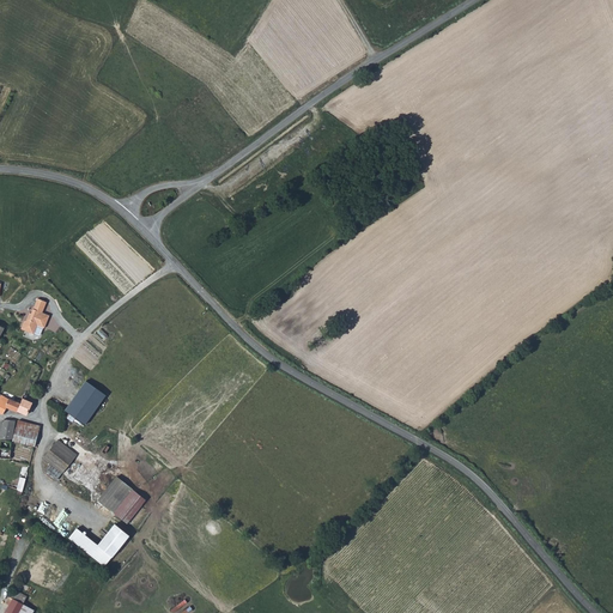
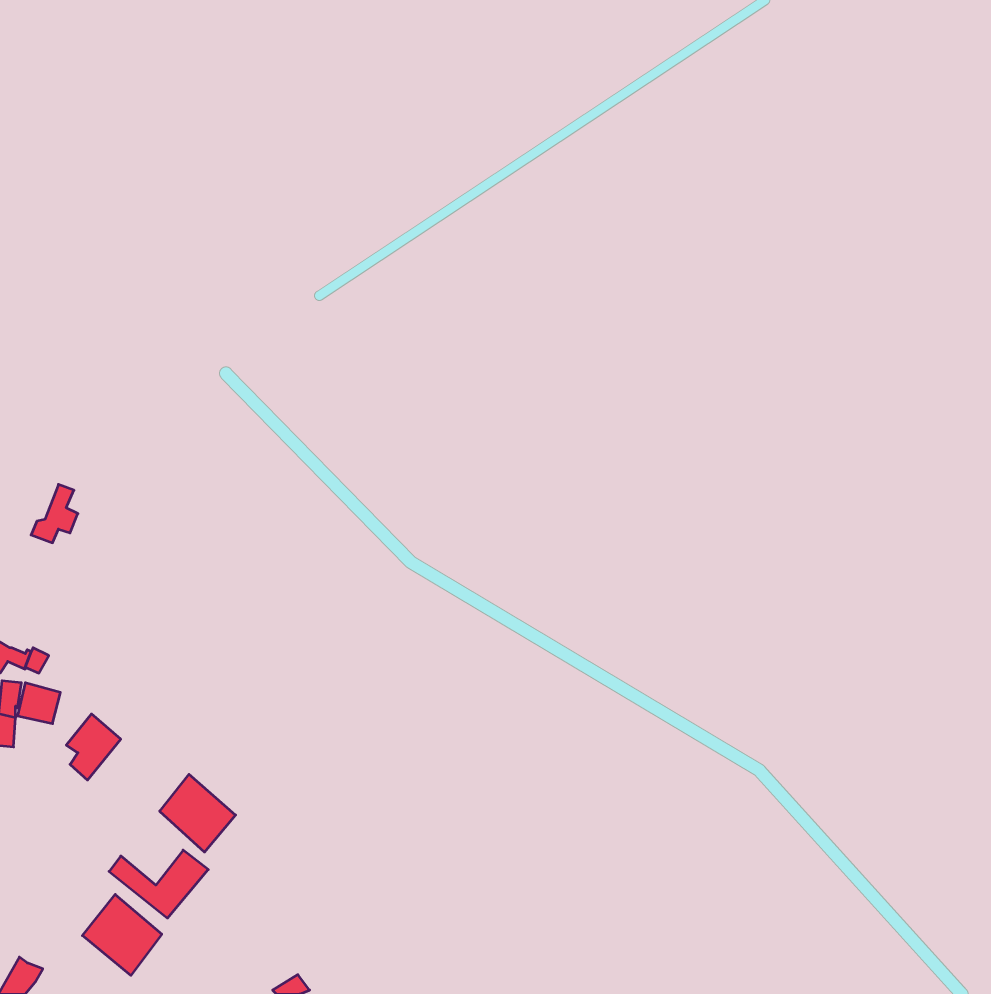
building: [65,382,105,426] -> none
building: none -> [82,894,162,975]

